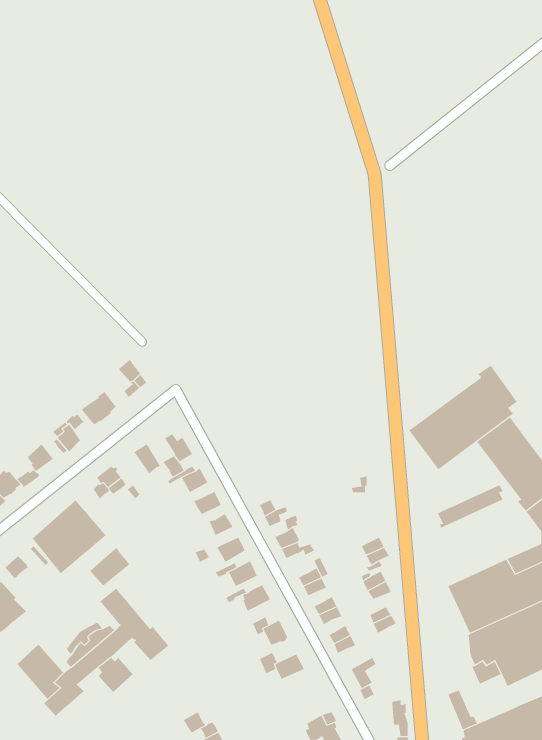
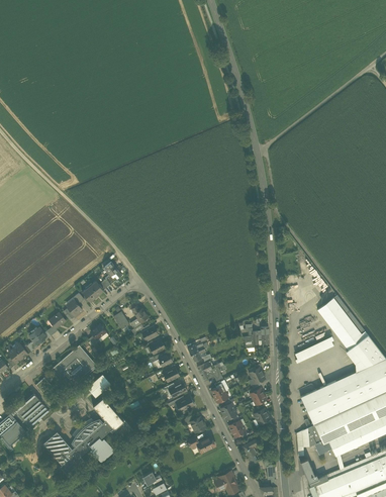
building: [409,365,517,470] -> none

